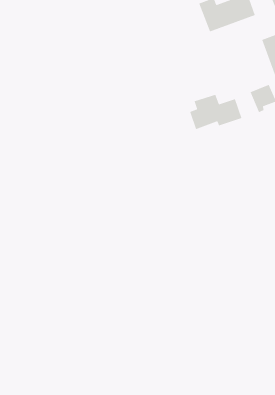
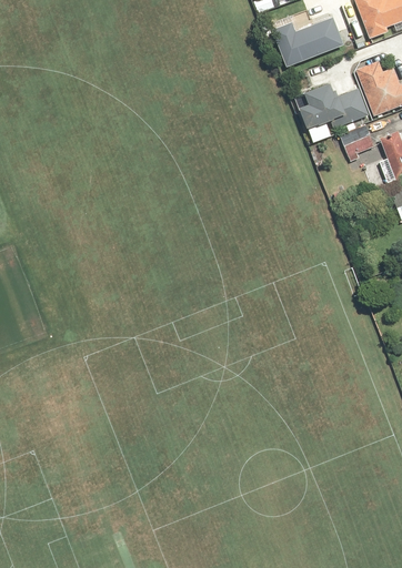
building: [189,94,243,130] -> [300,82,366,128]

